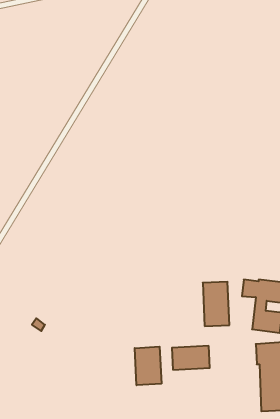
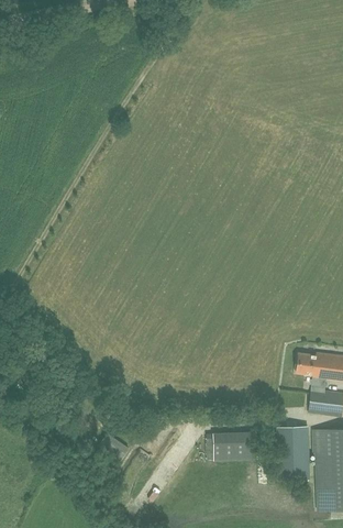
building: [203,282,229,326] -> [277,426,309,479]
building: [135,347,161,385] -> none

